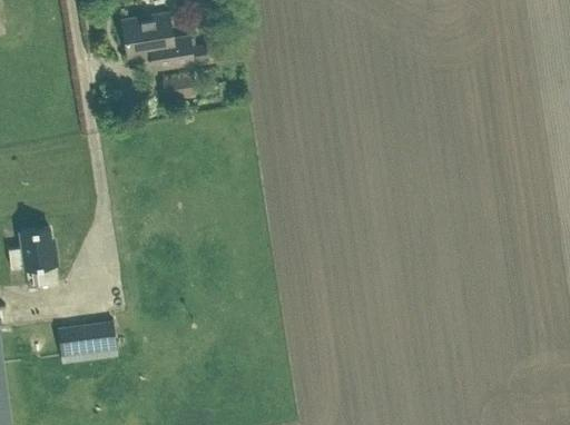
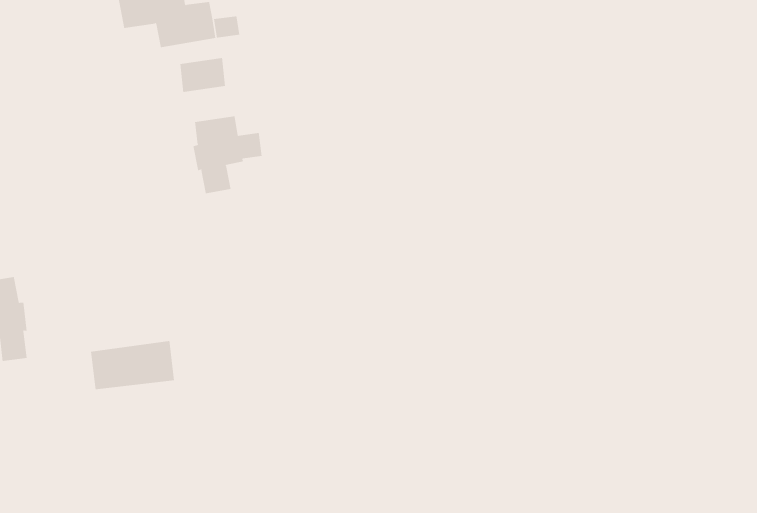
building: none -> [193,115,262,194]
building: [58,319,117,354] -> [90,340,175,390]

